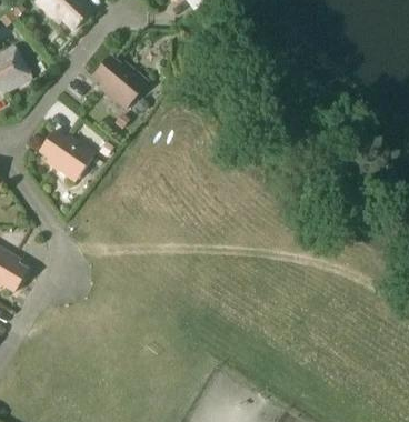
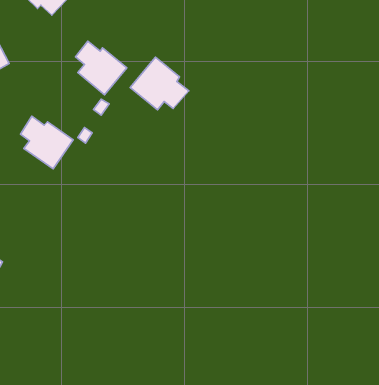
building: none -> [130,57,189,110]

